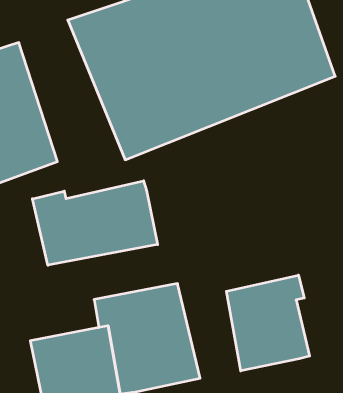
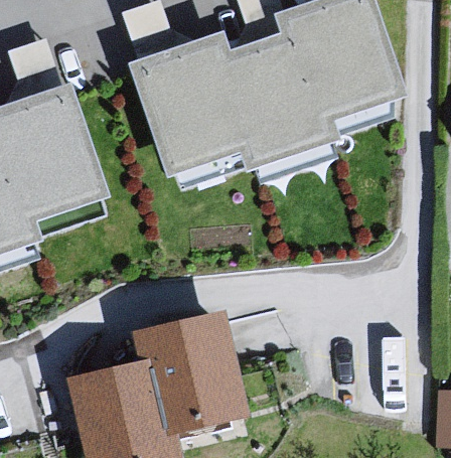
building: [32,181,158,265] -> none
building: [226,275,310,371] -> none

